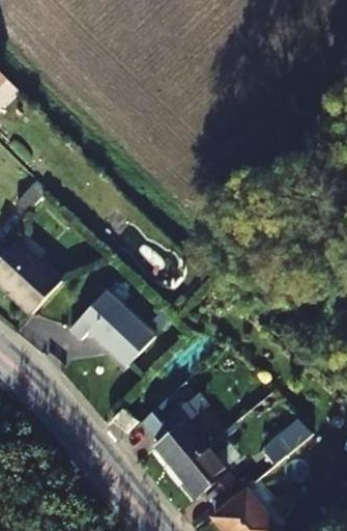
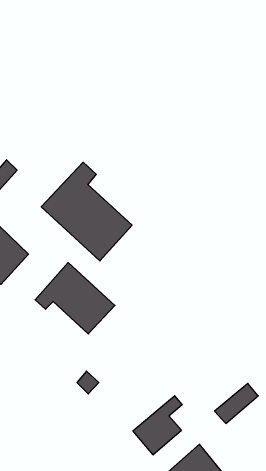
building: none -> [41,162,132,261]
building: [141,391,206,474] -> none

